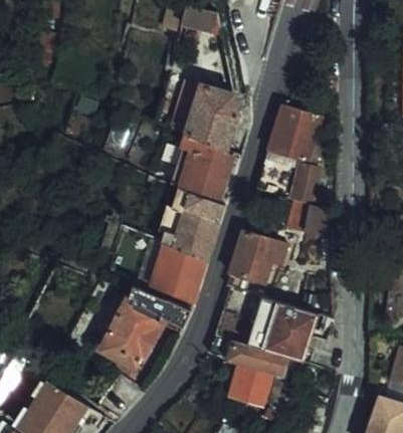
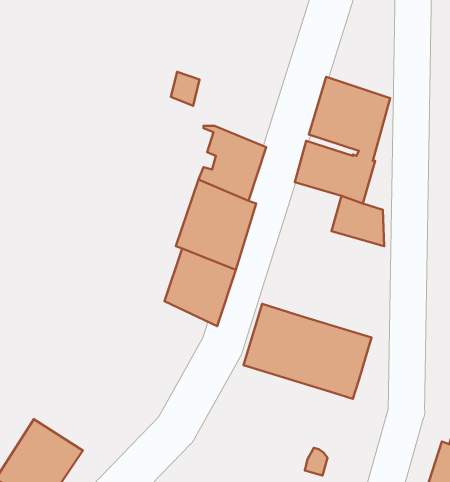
building: [188,85,238,150] -> none
building: [226,232,287,297] -> none
building: [102,284,191,368] -> none
building: [207,337,287,408] -> none

